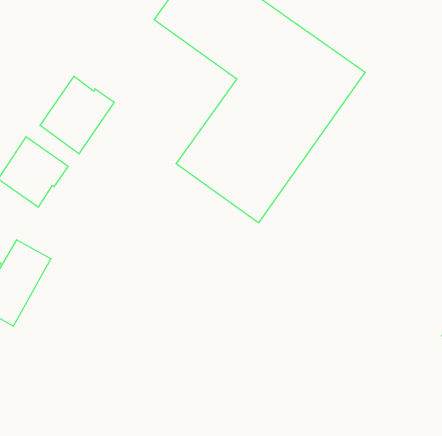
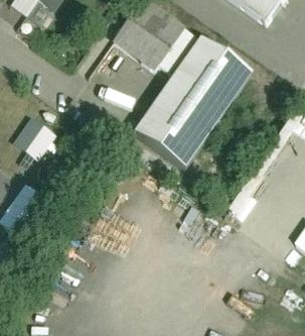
building: [40,76,114,154] -> none

